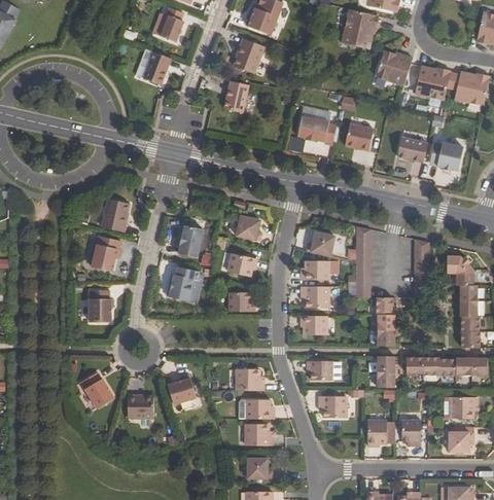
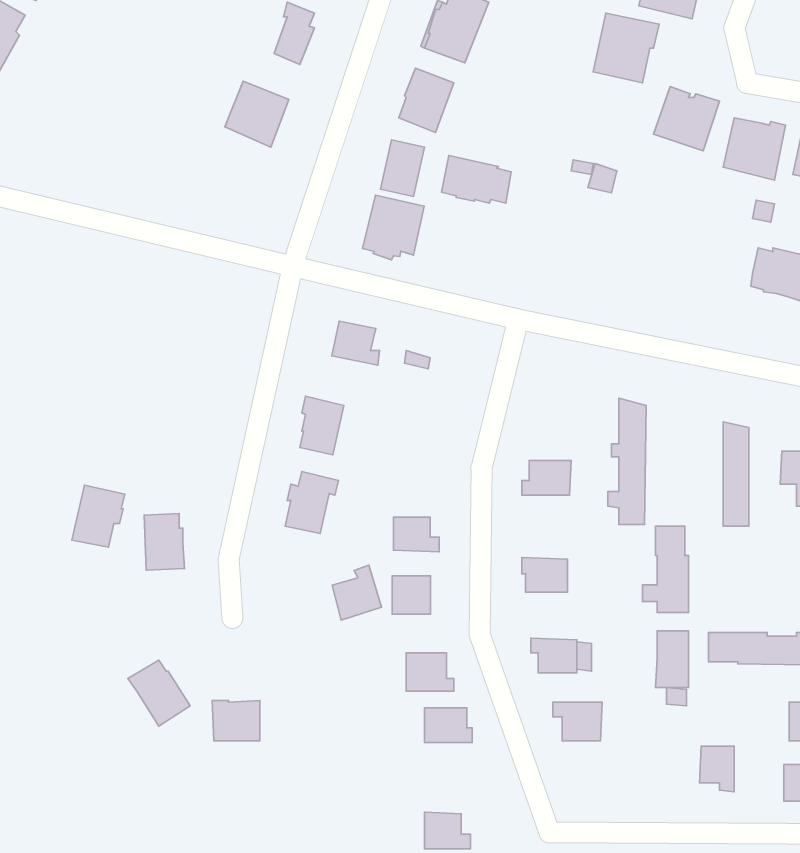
building: none -> [363,195,424,260]
building: [296,115,336,142] -> [442,155,511,203]
building: [344,123,373,150] -> none
building: [396,137,427,163] -> none
building: [100,199,129,231] -> none
building: [235,216,261,241] -> [332,321,380,365]
building: [306,231,334,256] -> none
building: [89,236,118,271] -> [72,485,125,547]
building: [226,253,256,276] -> none
building: [301,286,327,308] -> none
building: none -> [392,576,431,614]
building: [167,373,195,404] -> [332,565,382,620]
building: [366,420,394,445] -> none
building: [245,424,272,445] -> none

